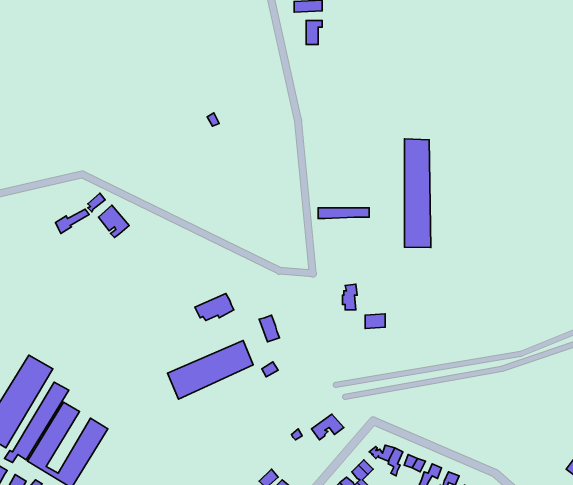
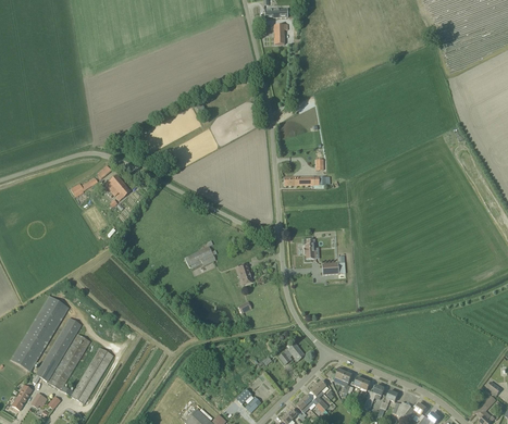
building: [404,139,431,247] -> none
building: [168,340,253,399] -> none

